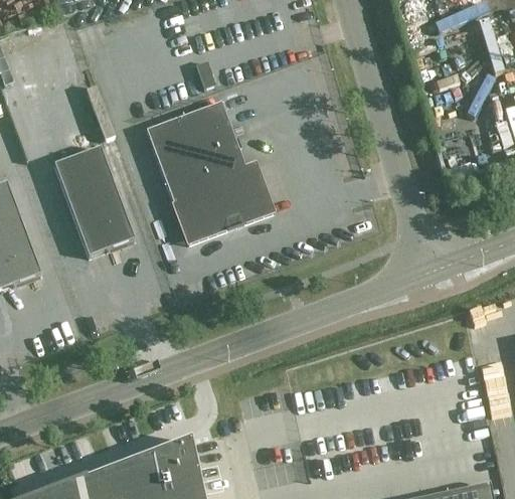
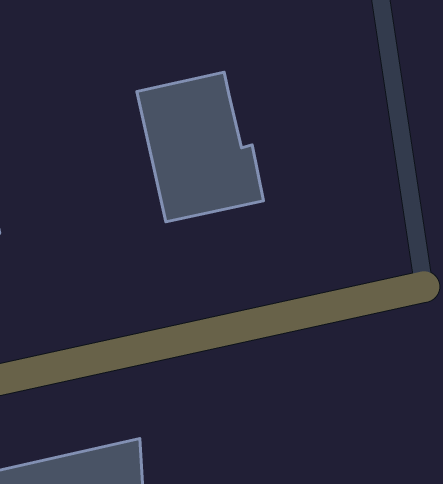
building: [54,146,135,255] -> none

